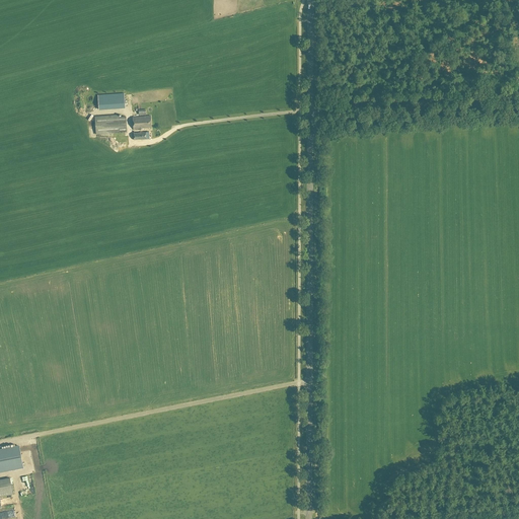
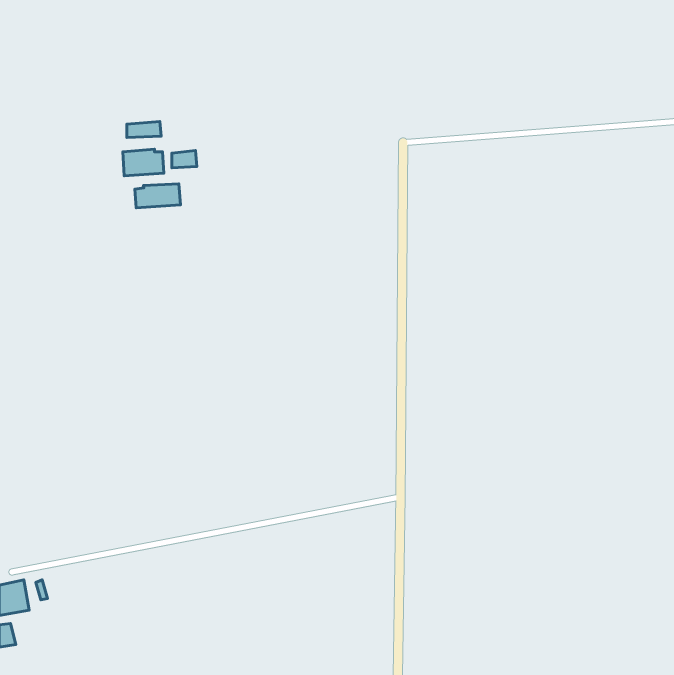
building: none -> [135,184,181,208]

